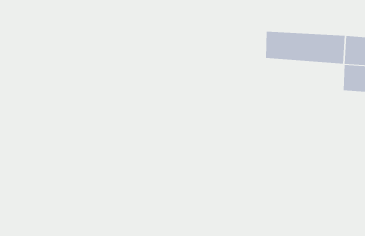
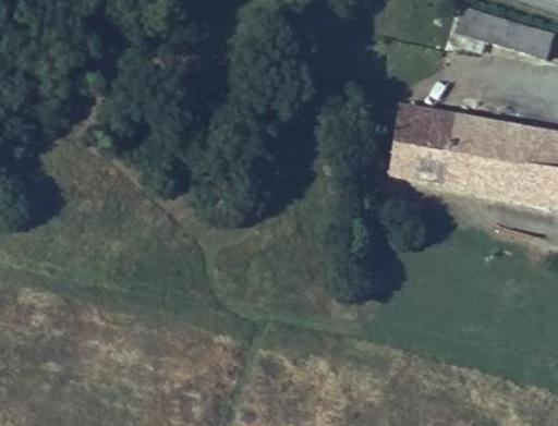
building: none -> [398,137,510,196]

